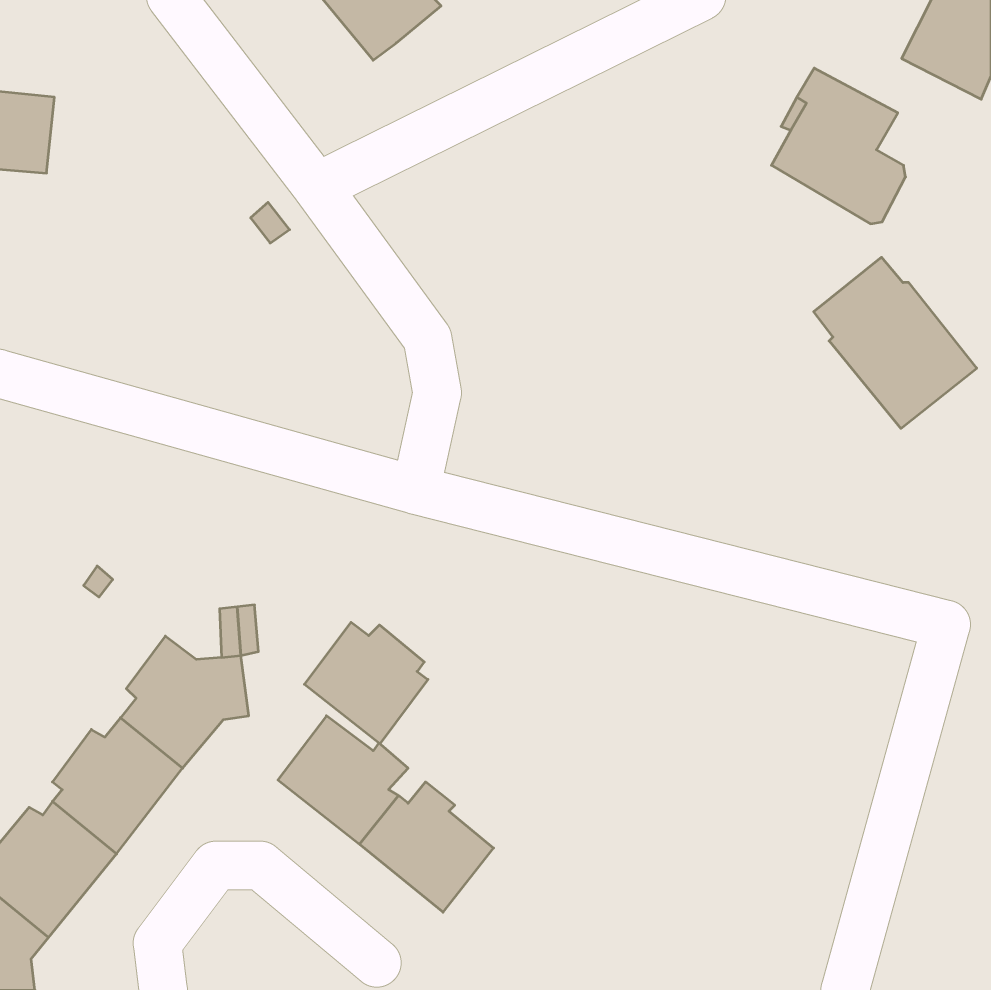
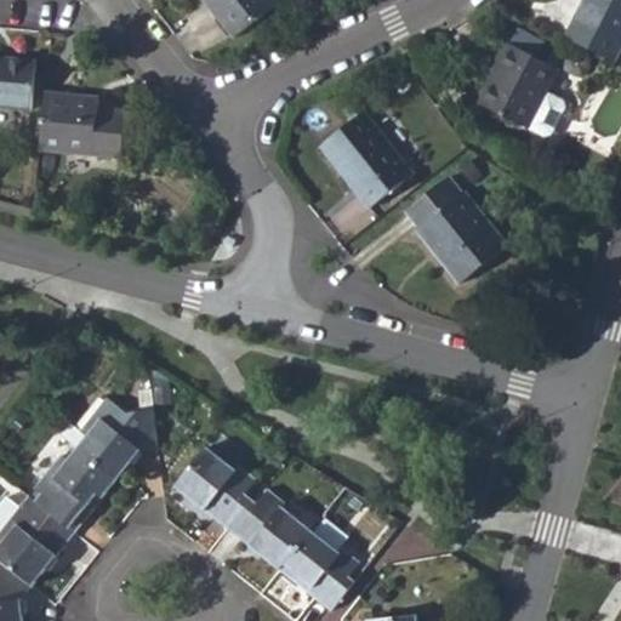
building: none -> [38,92,124,156]
building: none -> [319,102,411,206]
building: [814,257,977,428] -> [404,176,506,283]
building: [304,622,428,744] -> none
building: none -> [277,529,359,609]

